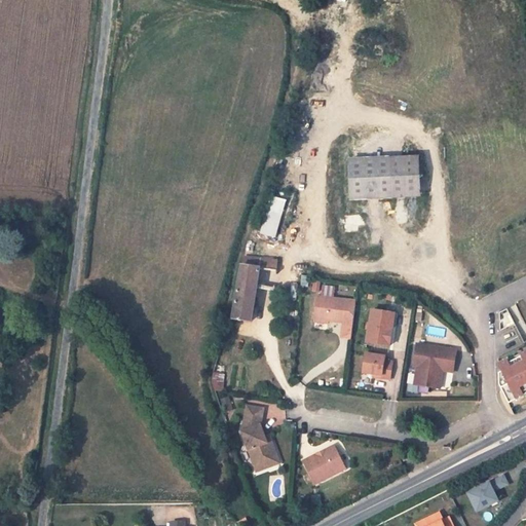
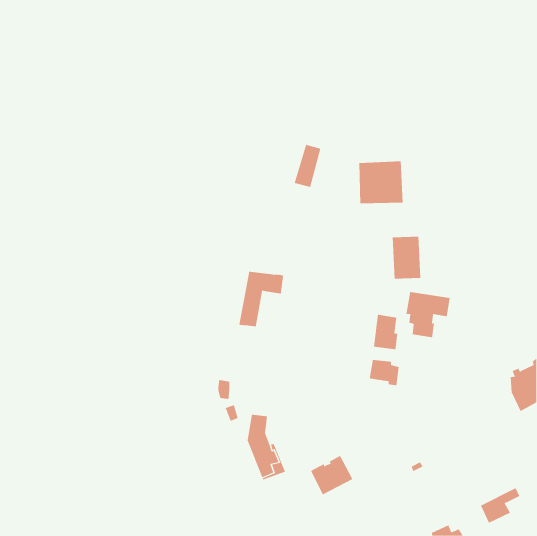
building: [392,156,421,198] -> [392,236,421,279]
building: [260,194,287,236] -> [294,144,321,187]
building: [313,295,354,326] -> none
building: [412,342,456,387] -> [405,291,451,338]

